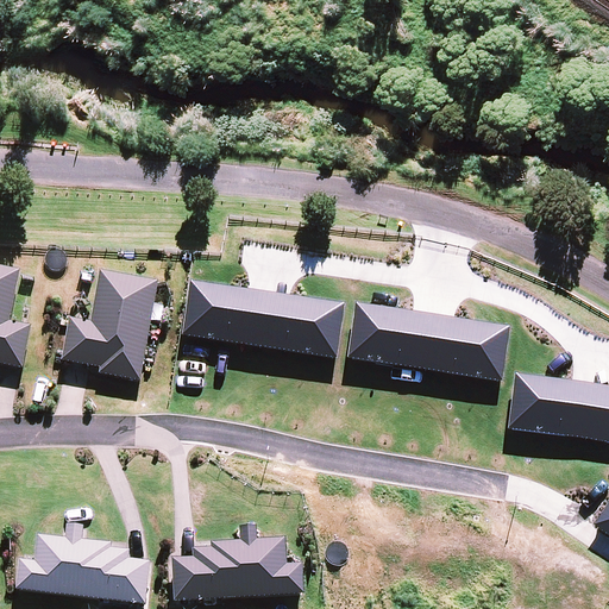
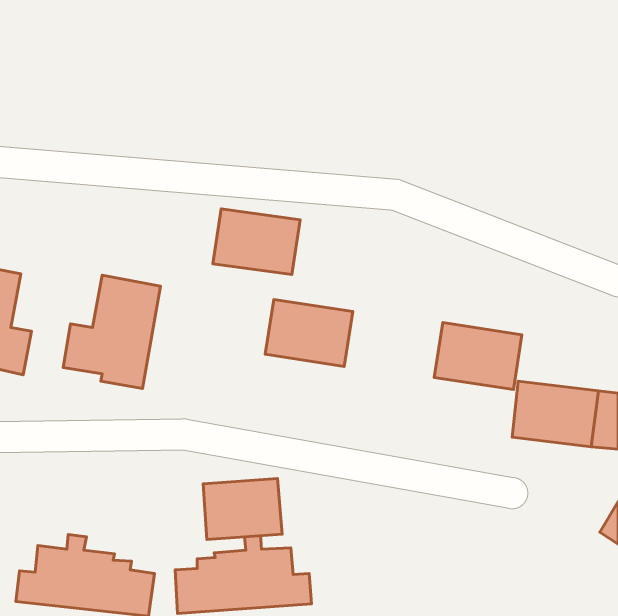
building: [182,282,268,346] -> [213,209,300,275]
building: [347,303,433,369] -> none
building: none -> [203,478,282,540]

